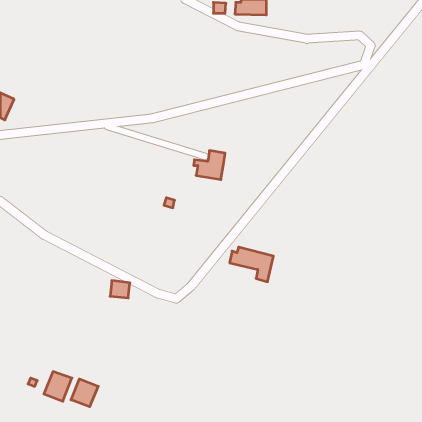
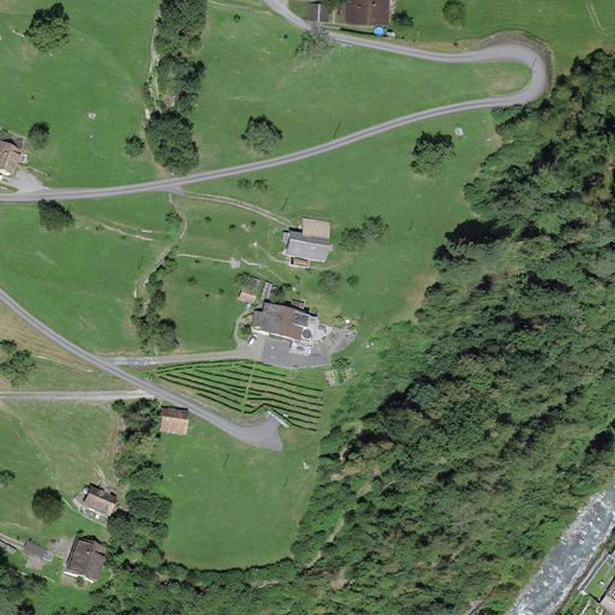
building: [230,247,273,282] -> [252,305,316,356]
building: none -> [84,485,119,515]
building: [71,379,98,407] -> none

